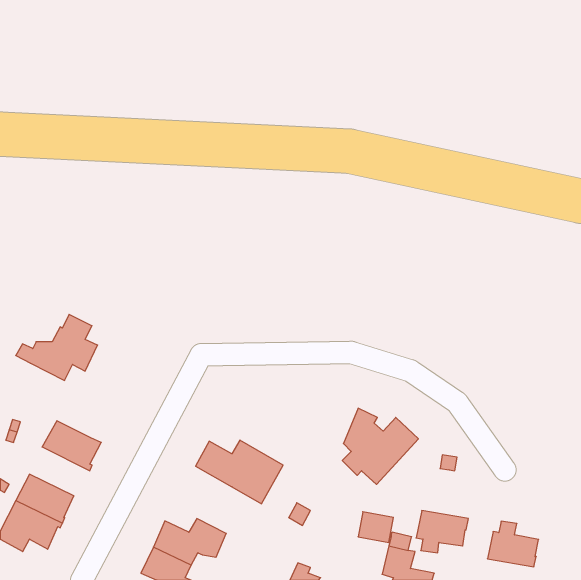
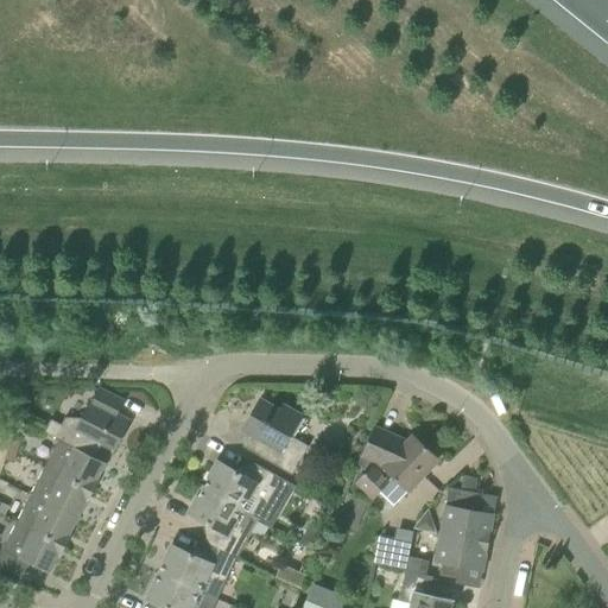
building: [16,314,98,380] -> [44,388,129,457]
building: none -> [243,399,309,474]
building: none -> [31,467,94,518]
building: none -> [189,487,249,557]
building: [487,521,539,567] -> [441,494,494,542]

